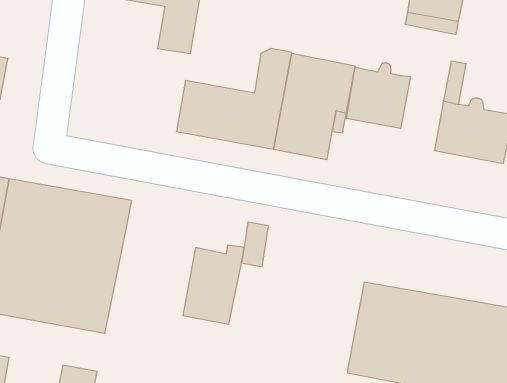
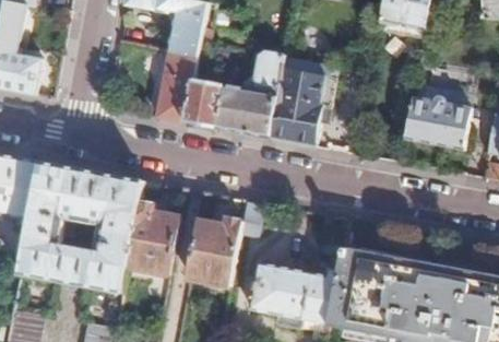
building: none -> [154,49,194,120]
building: [347,63,410,129] -> none
building: none -> [127,201,179,273]
building: none -> [248,260,340,329]

